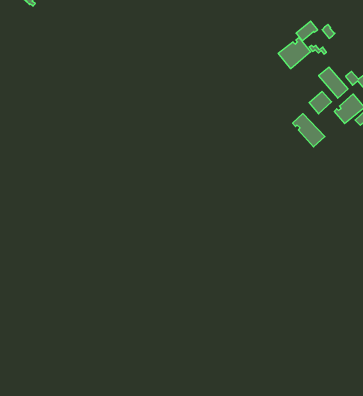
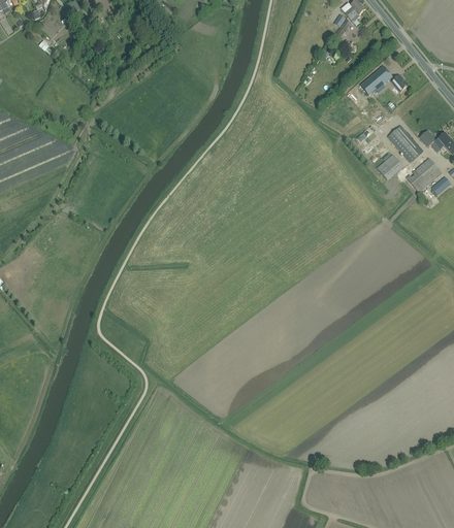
building: [278,38,311,69] -> none
building: [293,114,325,147] -> none

